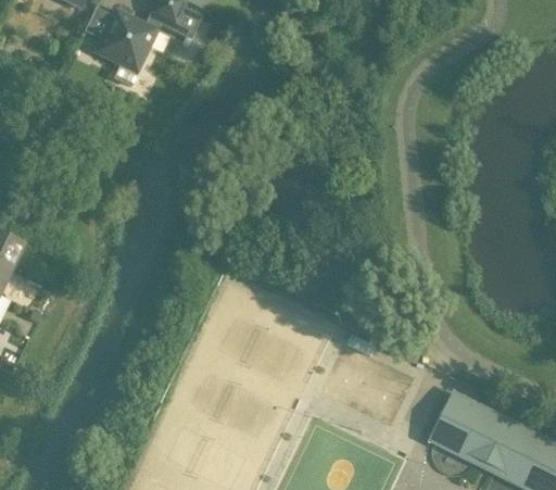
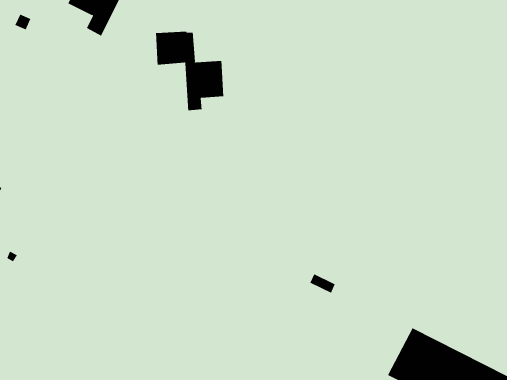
building: none -> [155,31,224,111]

